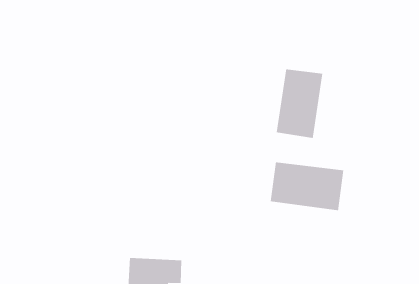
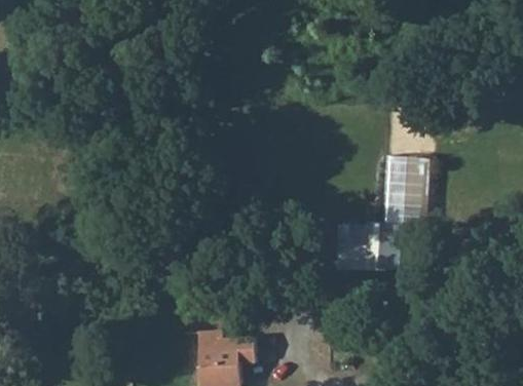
building: [276,69,323,138] -> [384,151,427,221]

